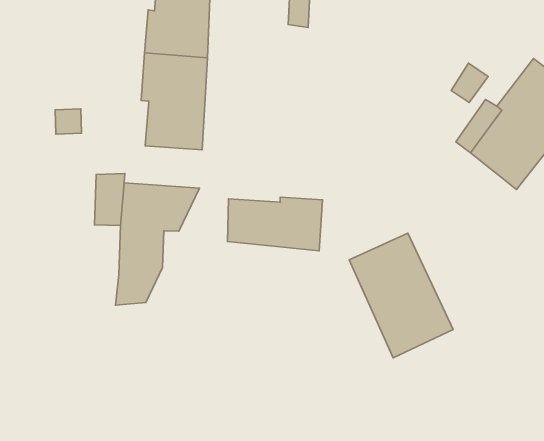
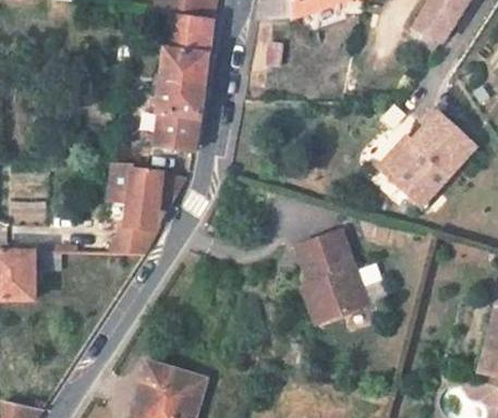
building: [227,197,323,251] -> none

